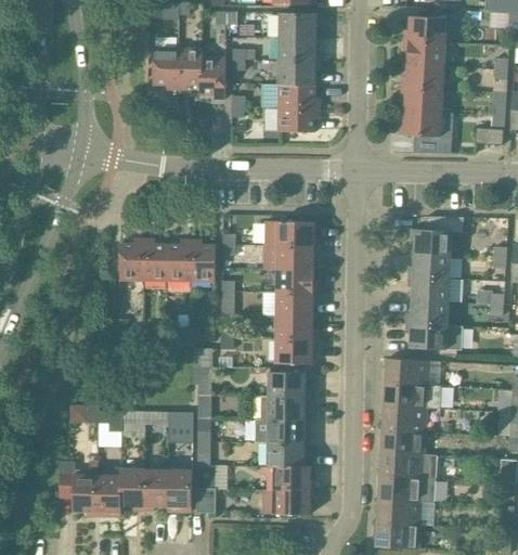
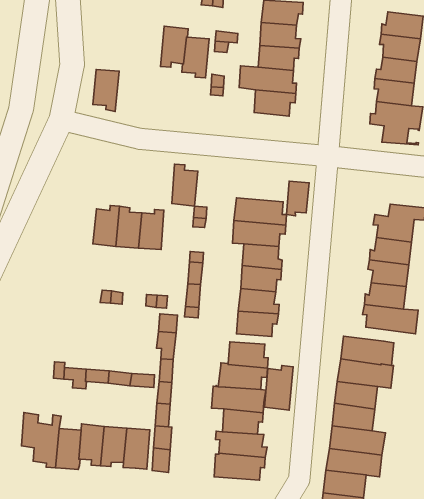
building: [153,48,178,90] -> [93,69,119,111]
building: none -> [286,181,309,216]
building: [191,240,216,282] -> [172,164,198,206]
building: none -> [264,366,293,410]

